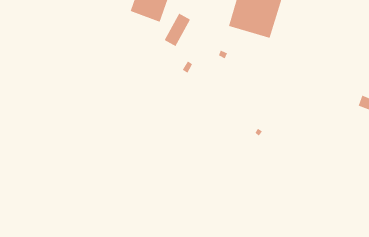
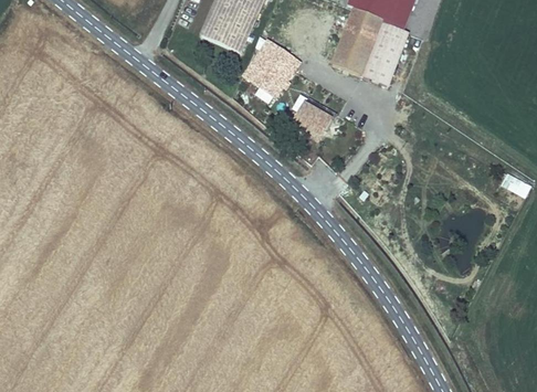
building: none -> [261,49,301,96]
building: none -> [293,102,331,138]

